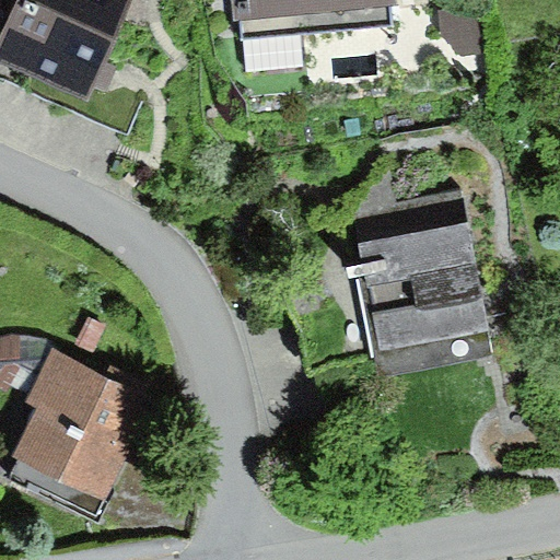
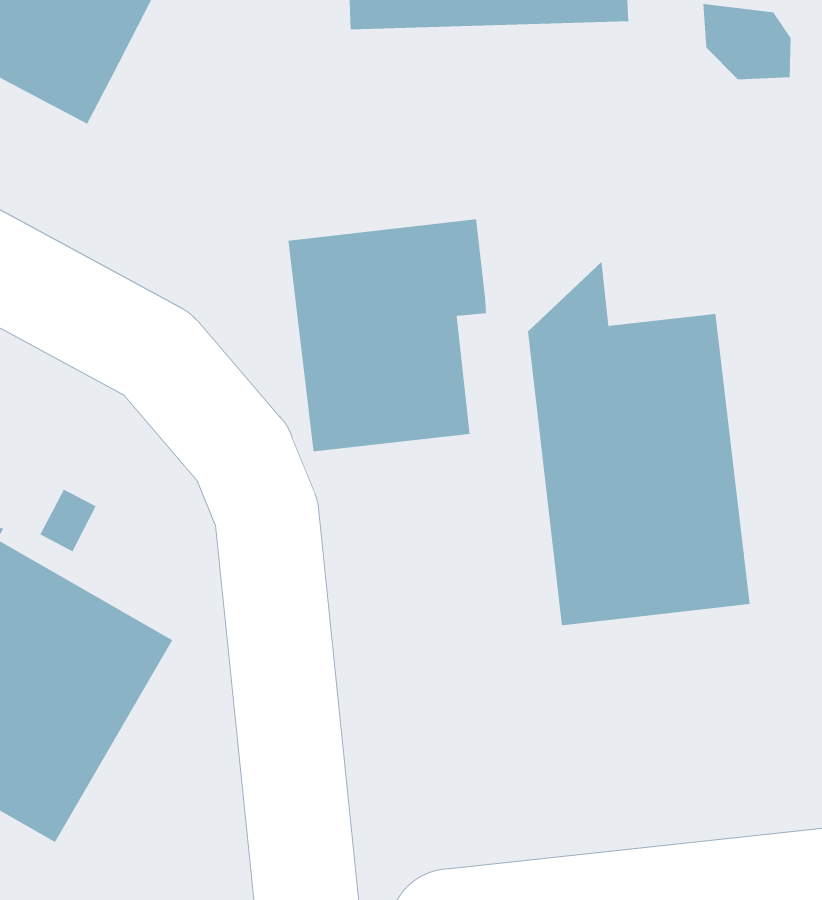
building: none -> [288,219,487,452]

